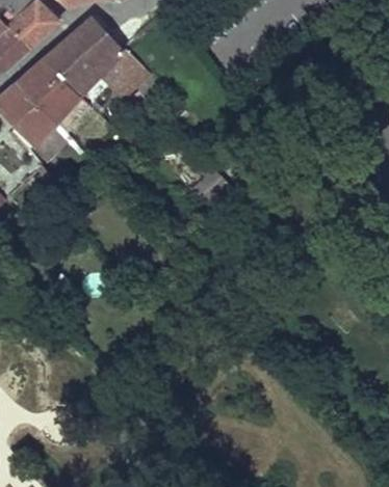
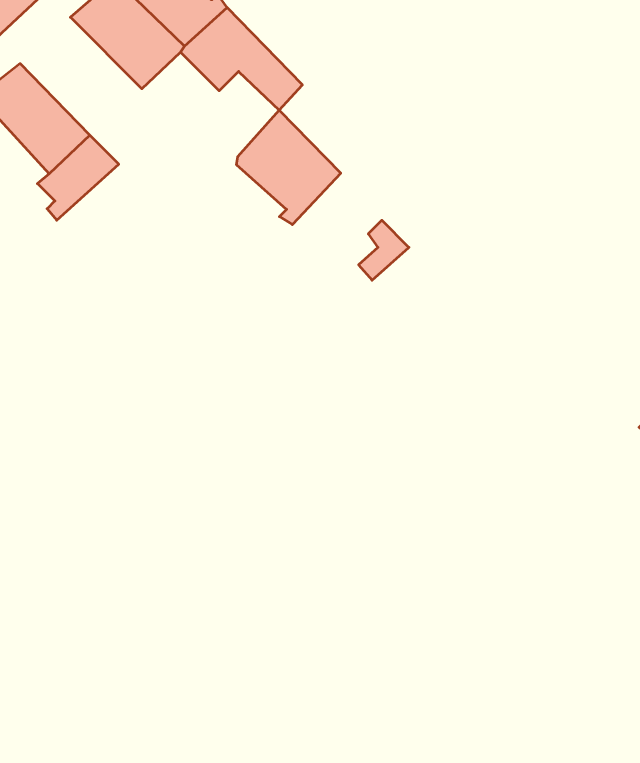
building: [16,58,81,121] -> none
building: none -> [237,110,341,225]

